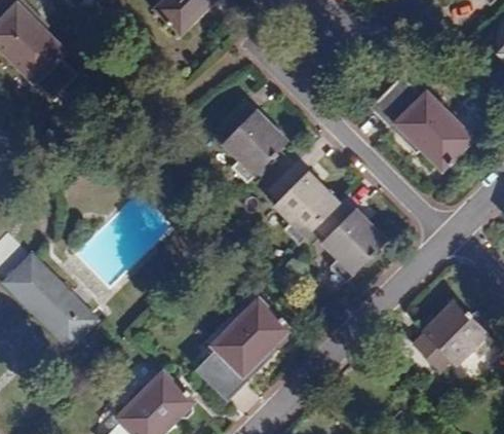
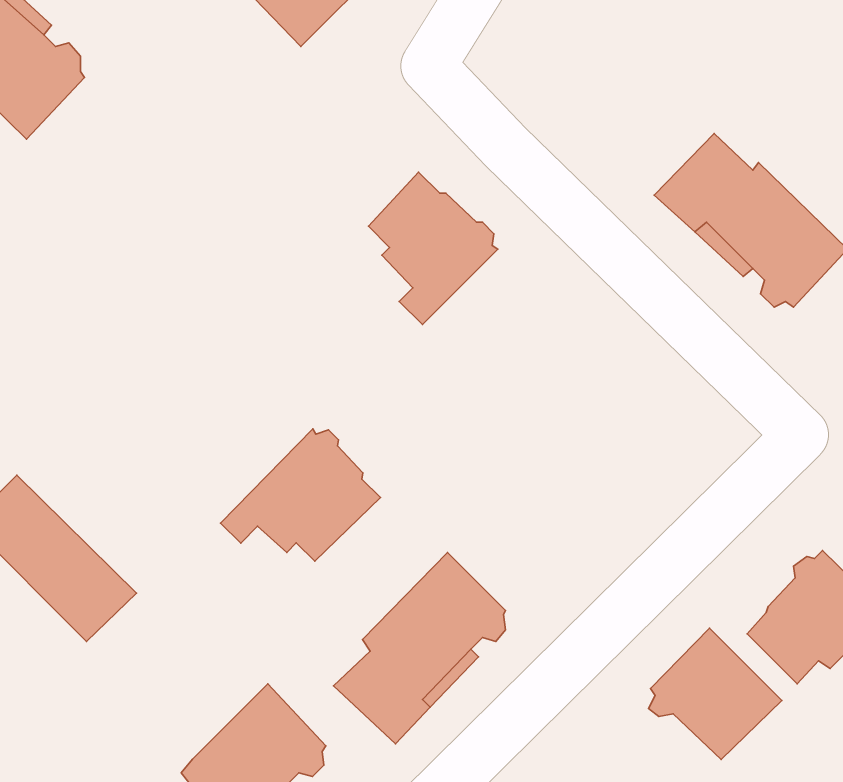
building: [267,160,385,282] -> none
building: none -> [221,429,381,561]
building: none -> [649,628,782,759]

